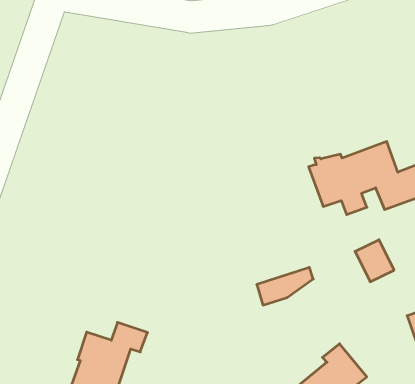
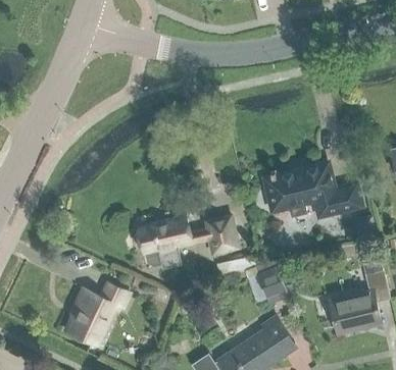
building: none -> [206,216,238,254]
building: none -> [135,217,192,268]
building: [355,240,394,282] -> [257,267,286,299]

